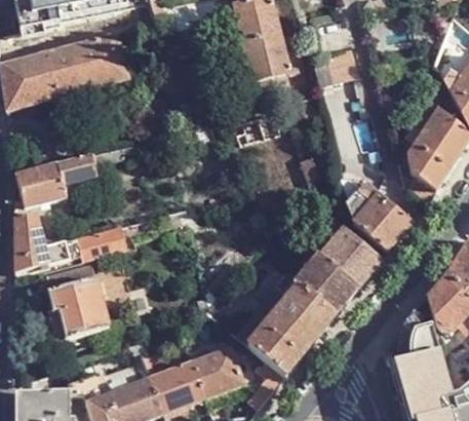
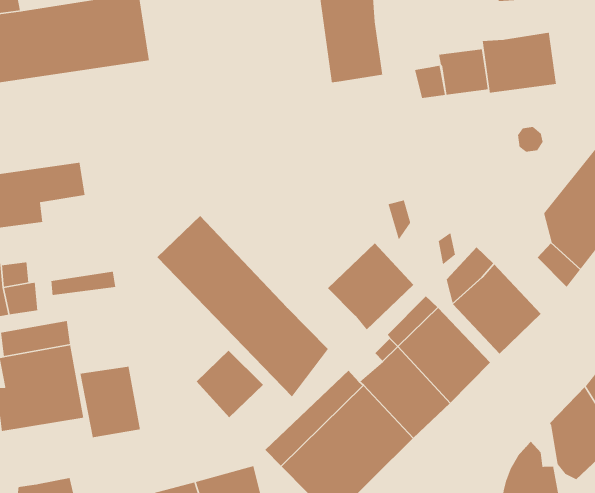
building: none -> [482,32,557,93]
building: none -> [156,215,329,397]
building: none -> [327,243,414,331]
building: none -> [196,350,264,418]
building: none -> [79,366,141,438]

